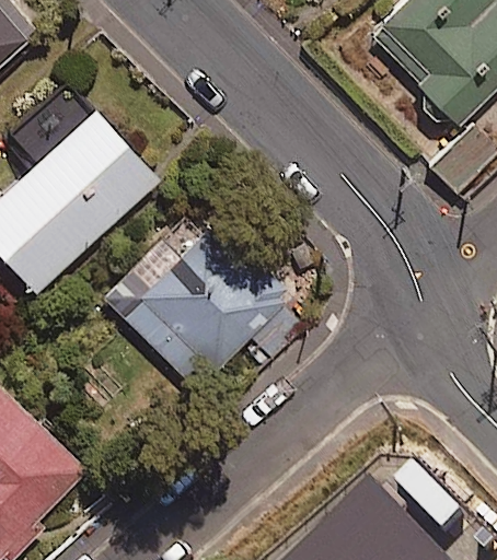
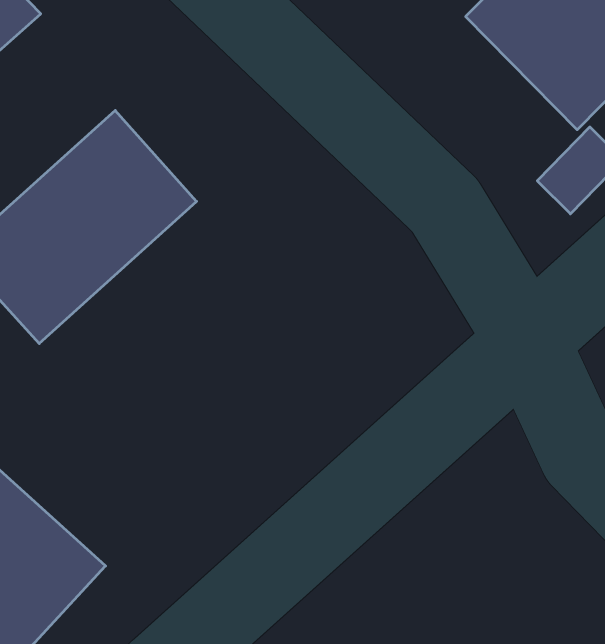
building: [125,220,293,387] -> none

